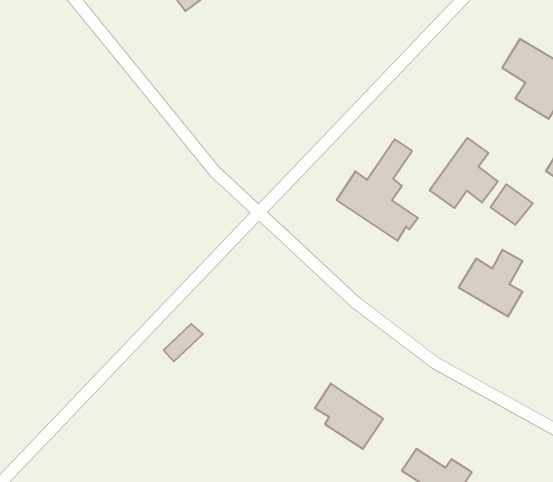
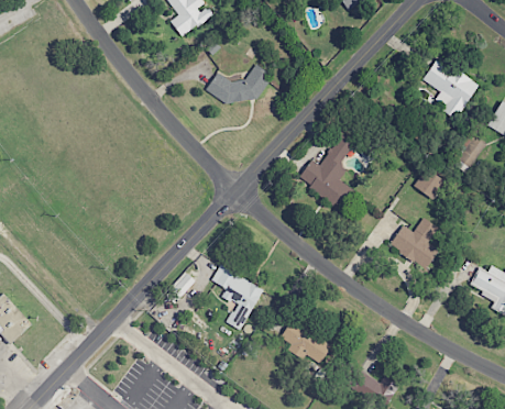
building: none -> [205,67,271,109]
building: [430,138,498,208] -> none
building: none -> [210,265,263,330]

